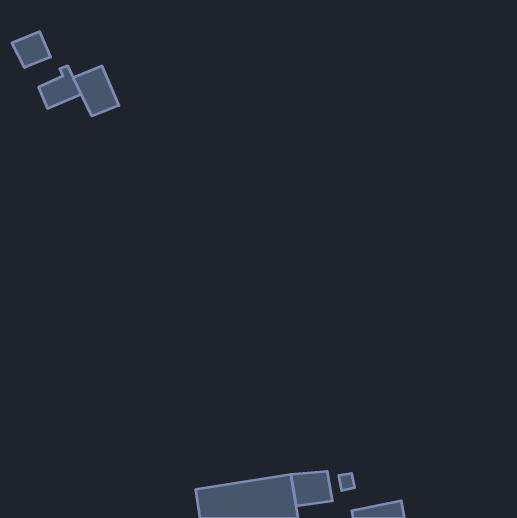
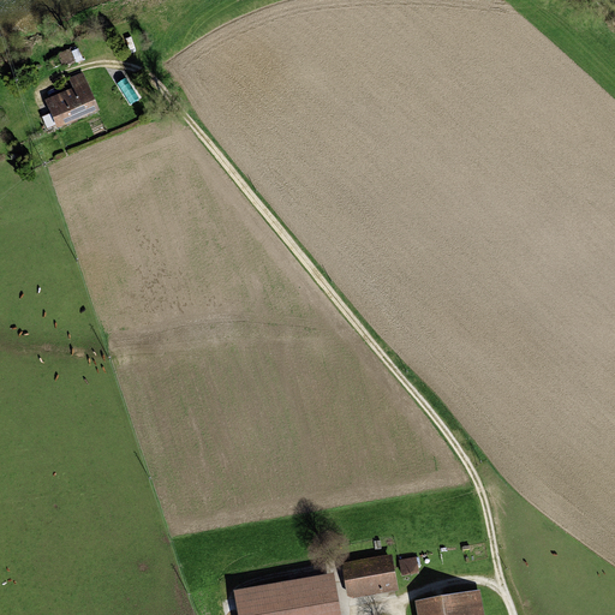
building: [12,32,51,68] -> none
building: [73,66,119,116] -> none

